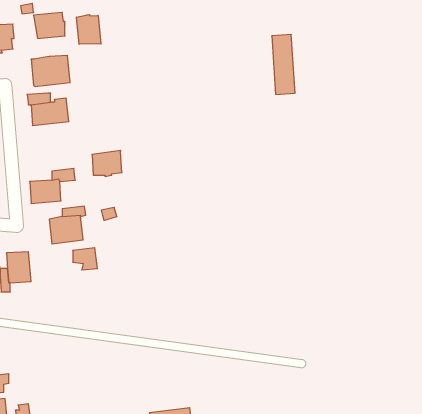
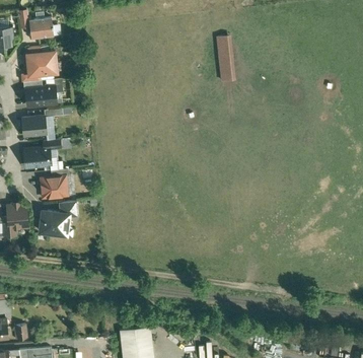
building: [77,15,101,44] -> none
building: [92,150,122,176] -> [22,117,46,137]
building: none -> [40,211,68,235]

